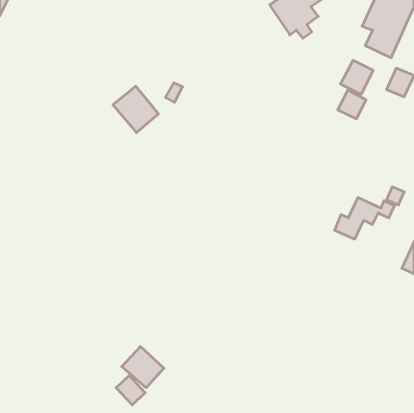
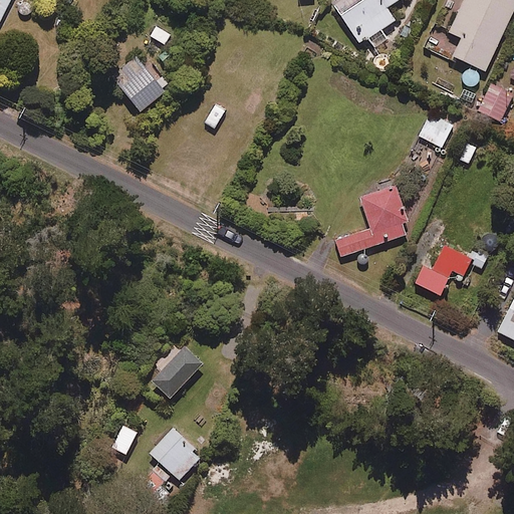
building: [340,60,373,94] -> none
building: [113,86,158,133] -> [113,53,170,110]
building: none -> [334,187,405,256]
building: none -> [152,344,205,398]

